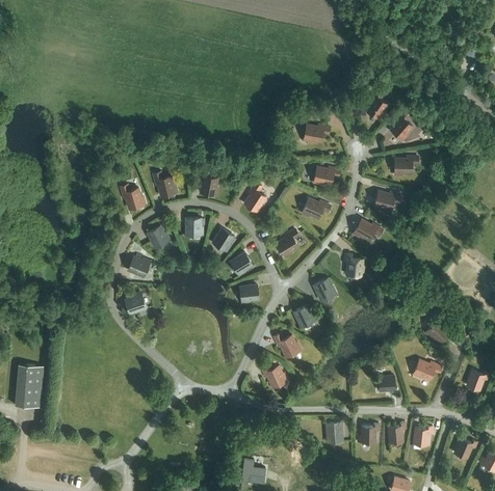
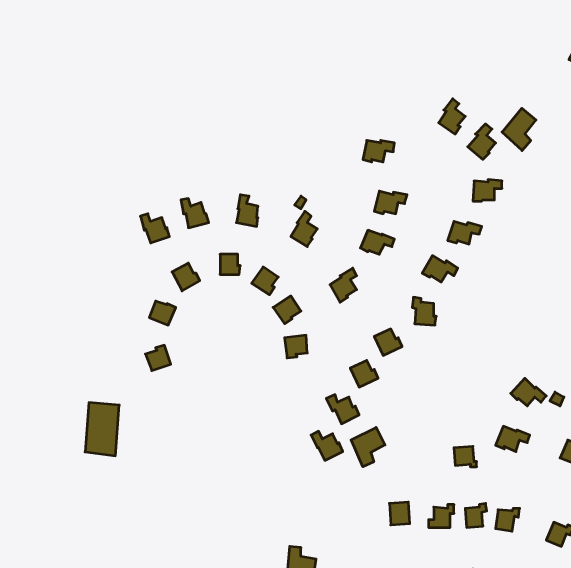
building: none -> [502,108,536,151]
building: none -> [351,427,385,467]
building: [15,364,43,408] -> [85,403,119,456]

